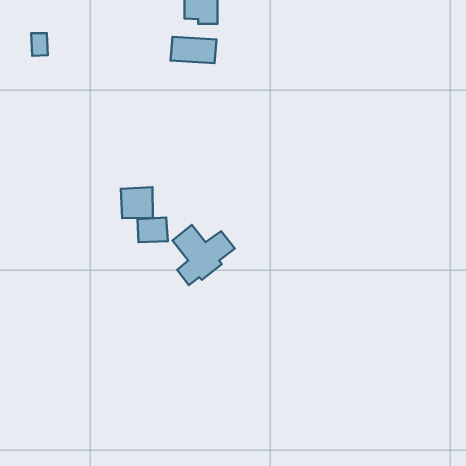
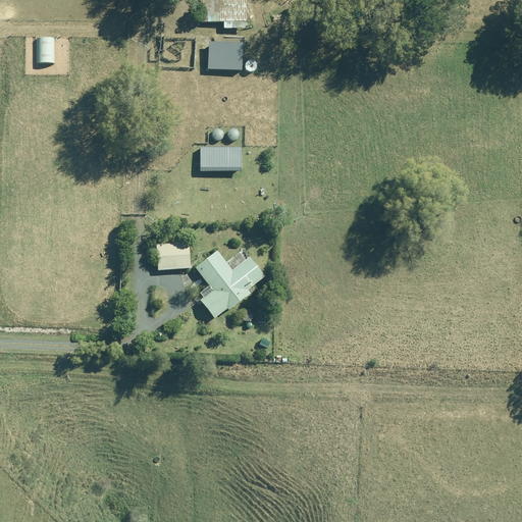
building: none -> [200,146,242,170]
building: [121,187,153,218] -> none

